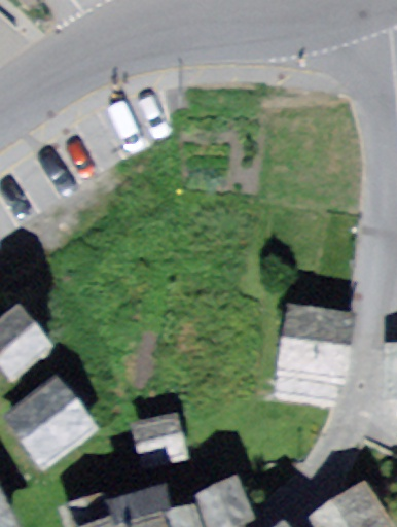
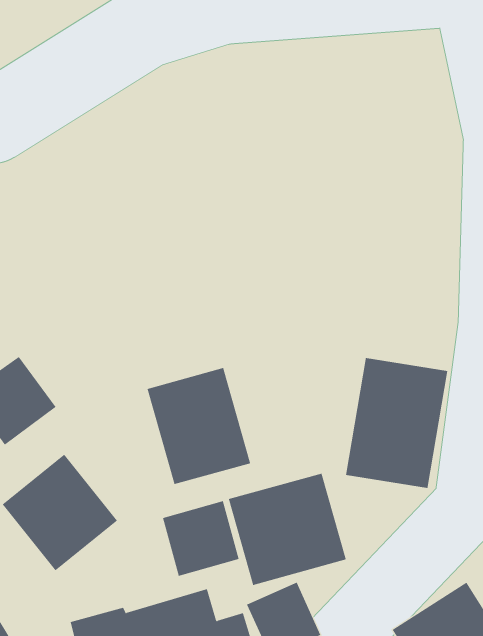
building: none -> [147,367,251,485]
building: none -> [228,473,346,586]

